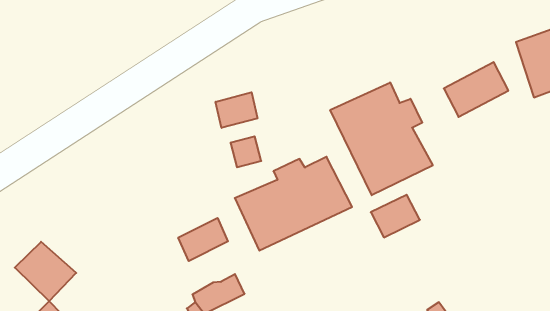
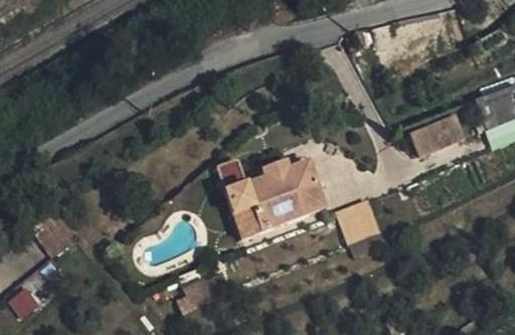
building: [330,82,433,195] -> none
building: [216,92,257,128] -> none
building: [178,218,228,261] -> none

